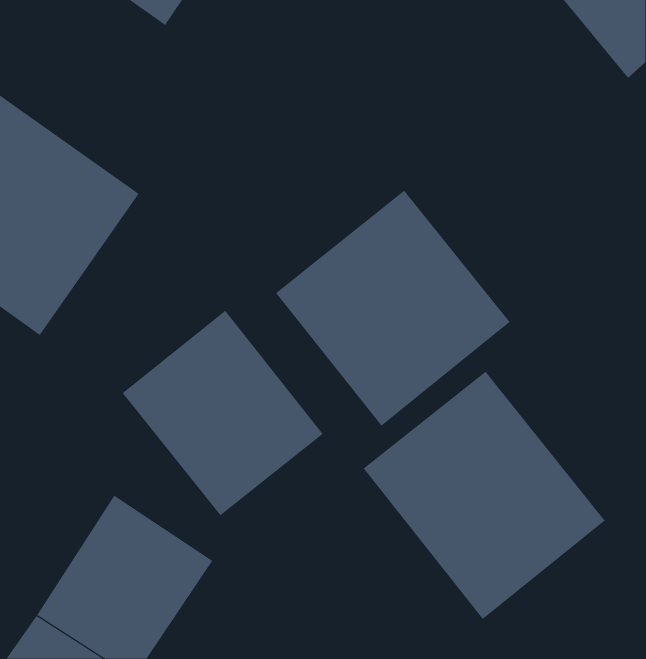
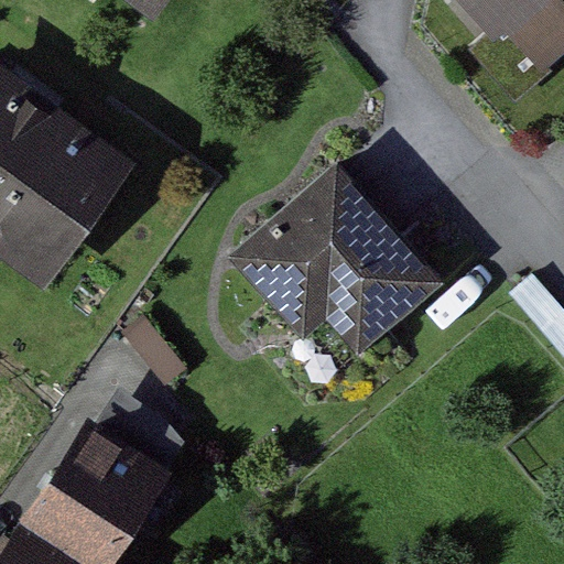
building: [122,310,324,516] -> none
building: [363,371,605,620] -> none

